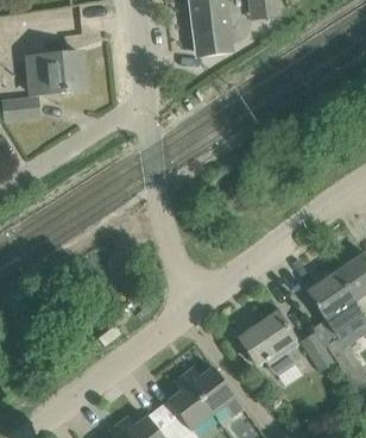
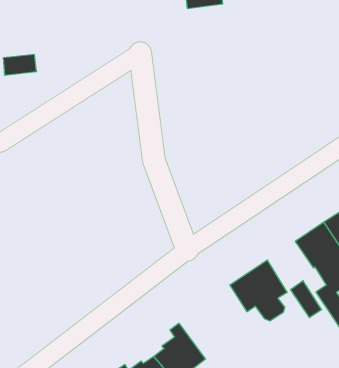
building: [27,52,83,93] -> none
building: [185,365,244,415] -> none

